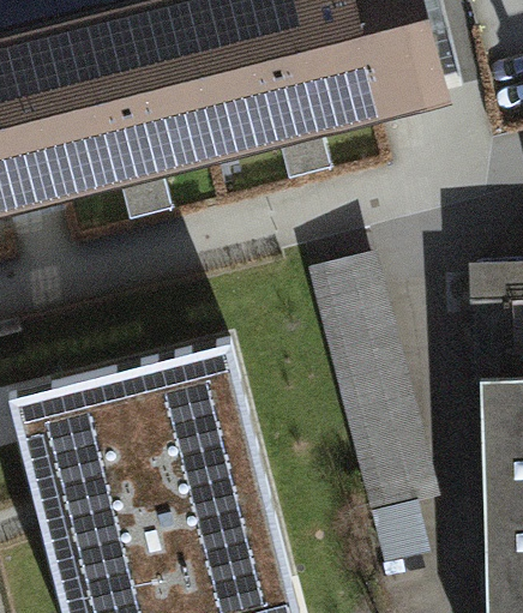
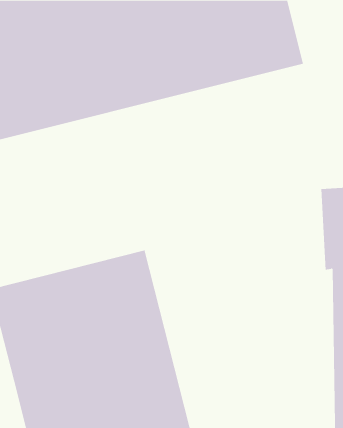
building: [314,260,443,569] -> none

